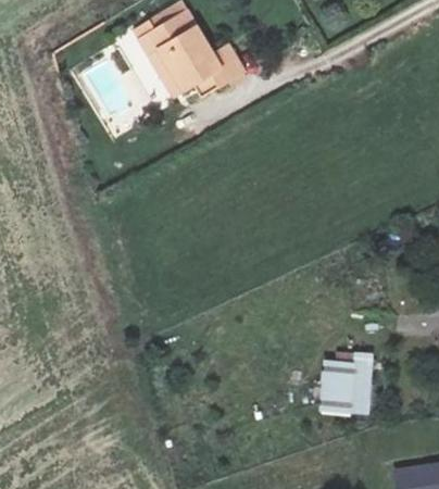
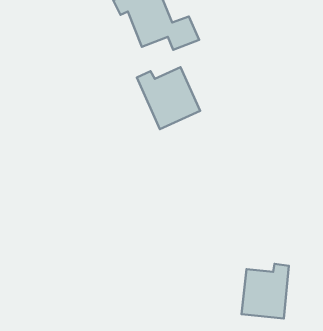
building: none -> [137,67,200,129]

